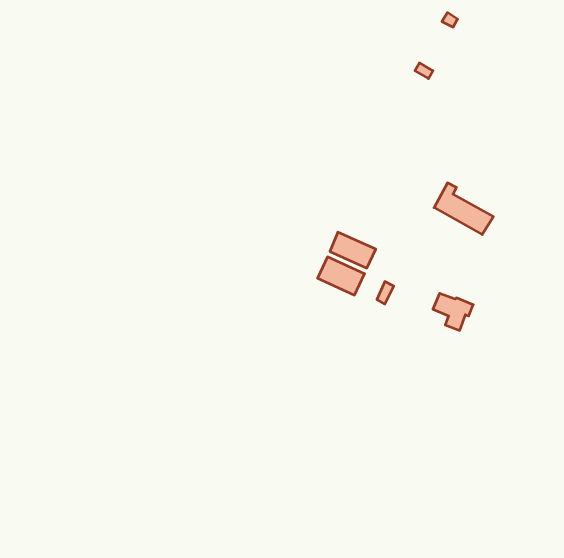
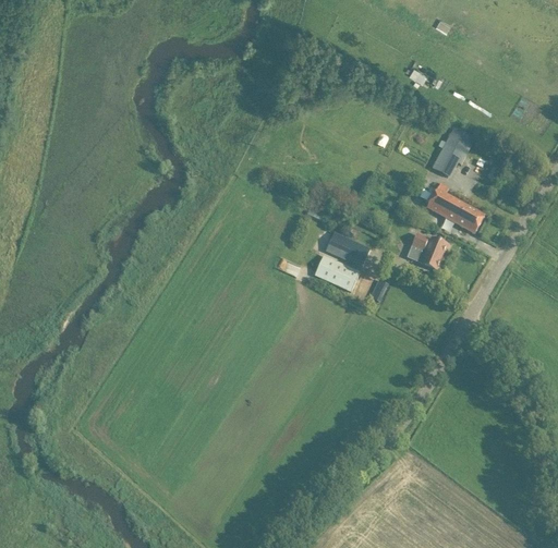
building: none -> [430,125,474,176]
building: [433,293,473,330] -> [409,232,448,268]

